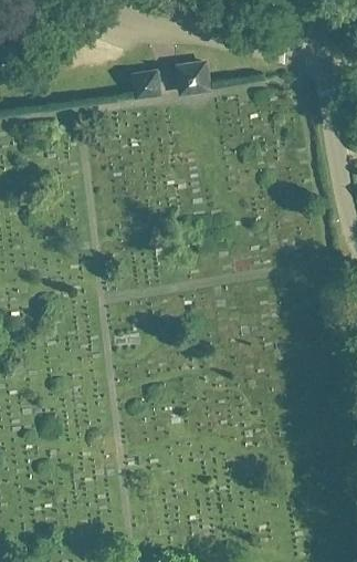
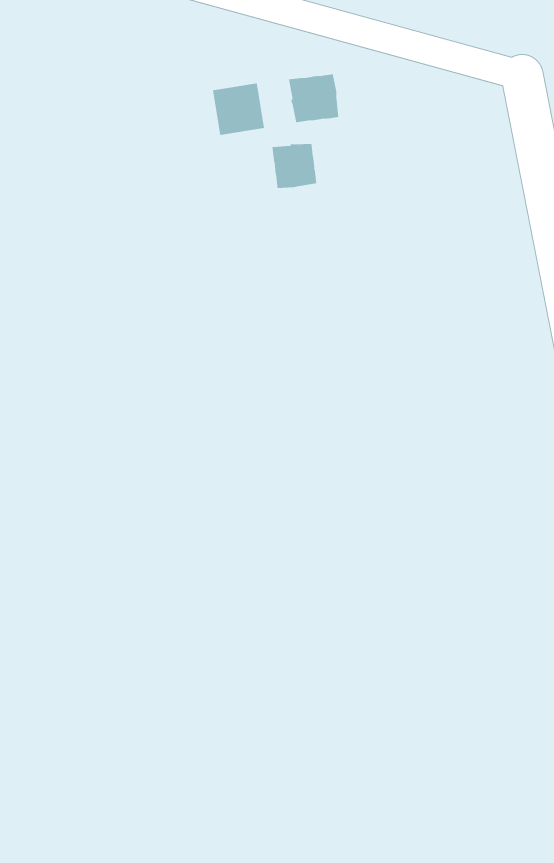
building: none -> [272,143,317,189]

